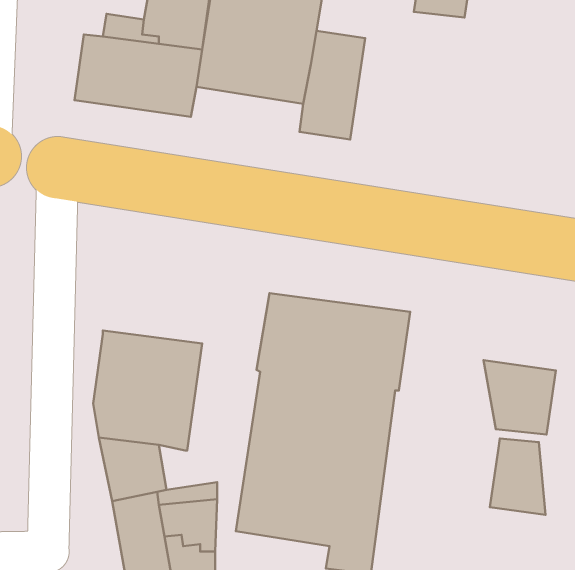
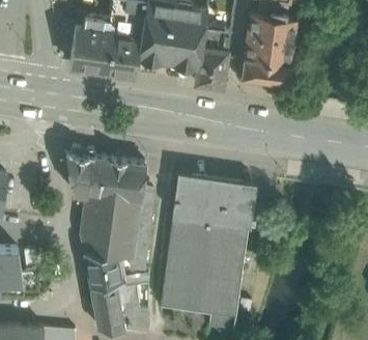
building: none -> [240,16,295,83]
building: none -> [65,148,154,271]
building: [484,360,556,434] -> none
building: [490,439,545,515] -> none

